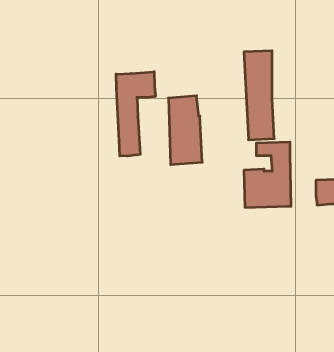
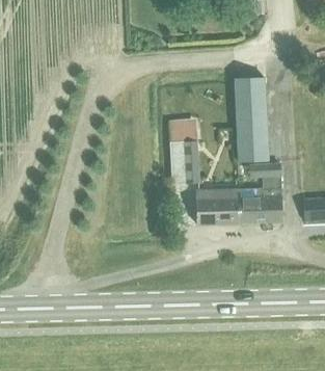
building: [116,72,155,156] -> none
building: none -> [194,187,238,223]

